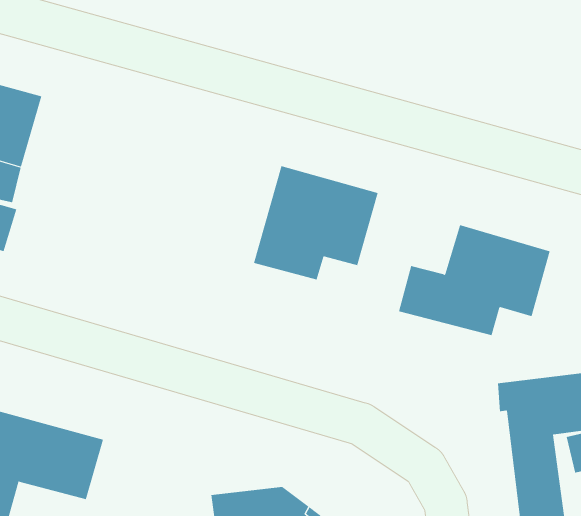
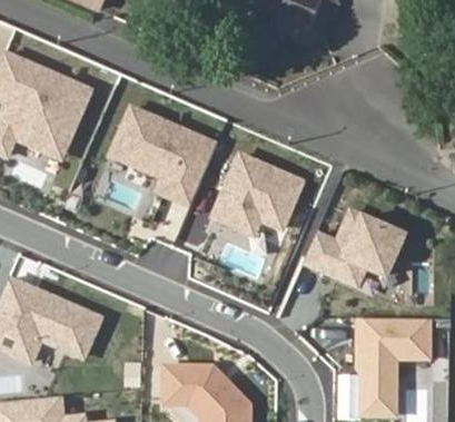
building: none -> [109,107,217,206]

